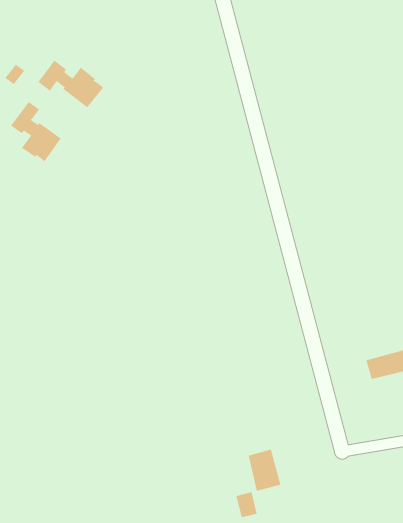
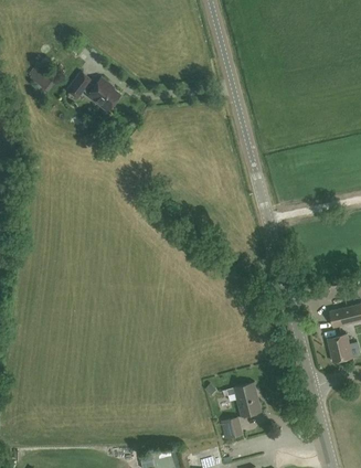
building: [10,101,62,162] -> none
building: none -> [327,334,352,363]

